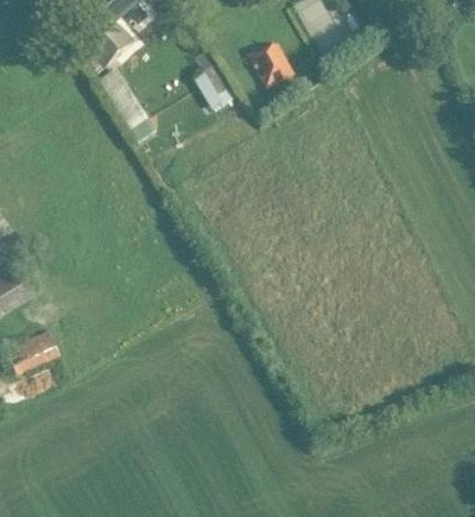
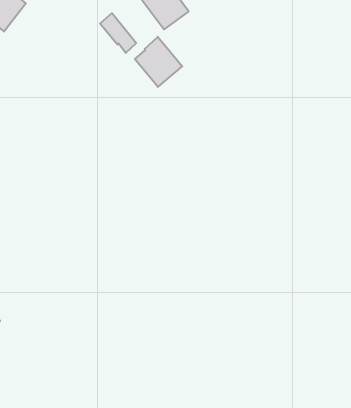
building: none -> [135,37,182,87]

